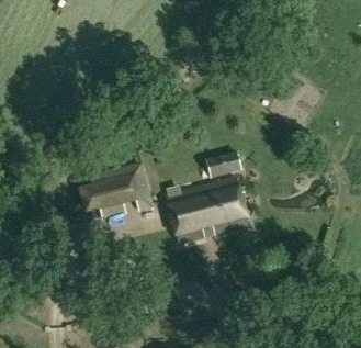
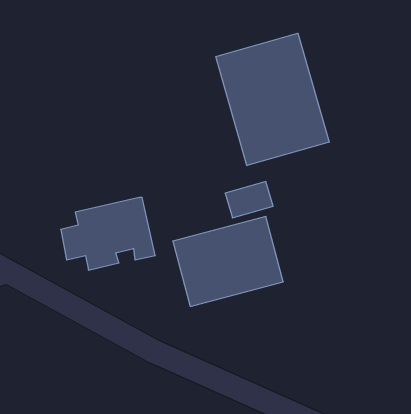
building: none -> [216,33,329,166]

